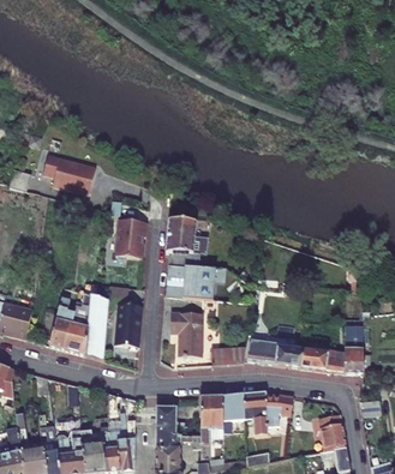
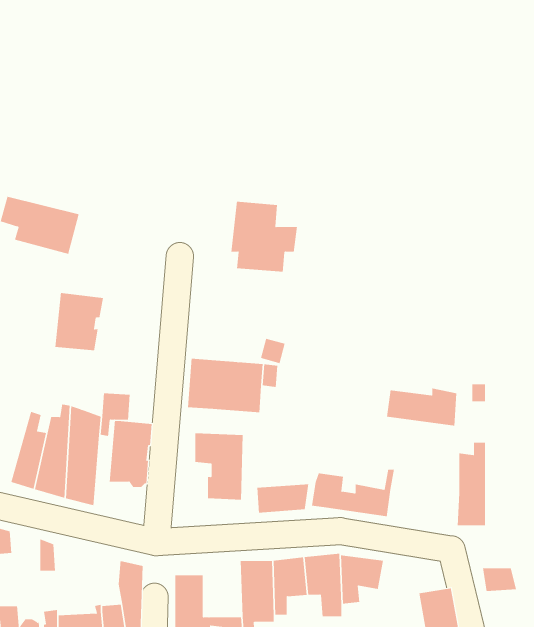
building: [115,218,148,257] -> [55,292,104,351]
building: [164,218,209,265] -> [231,201,298,272]
building: [298,348,345,373] -> [386,388,457,426]

